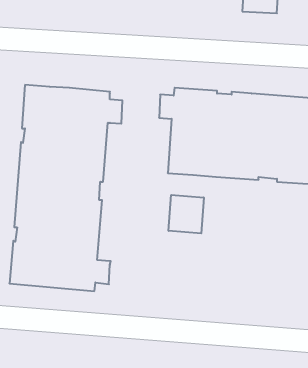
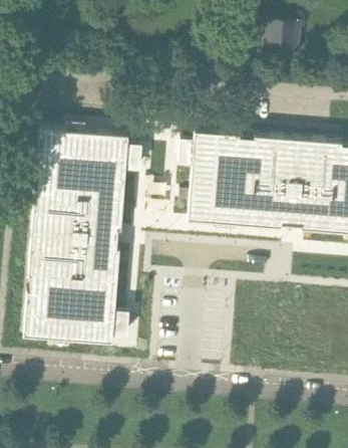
building: [169,195,204,233] -> none

